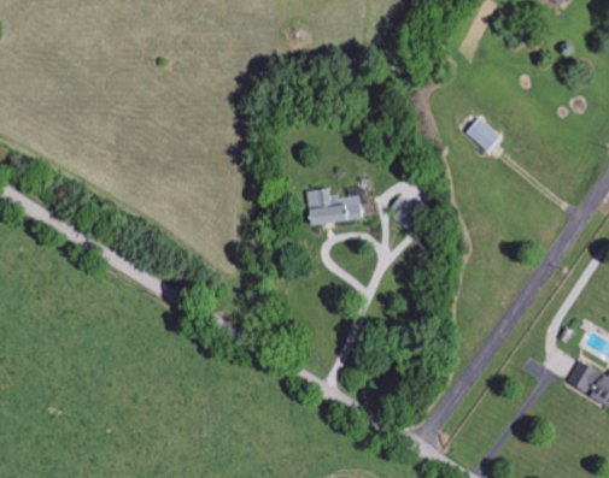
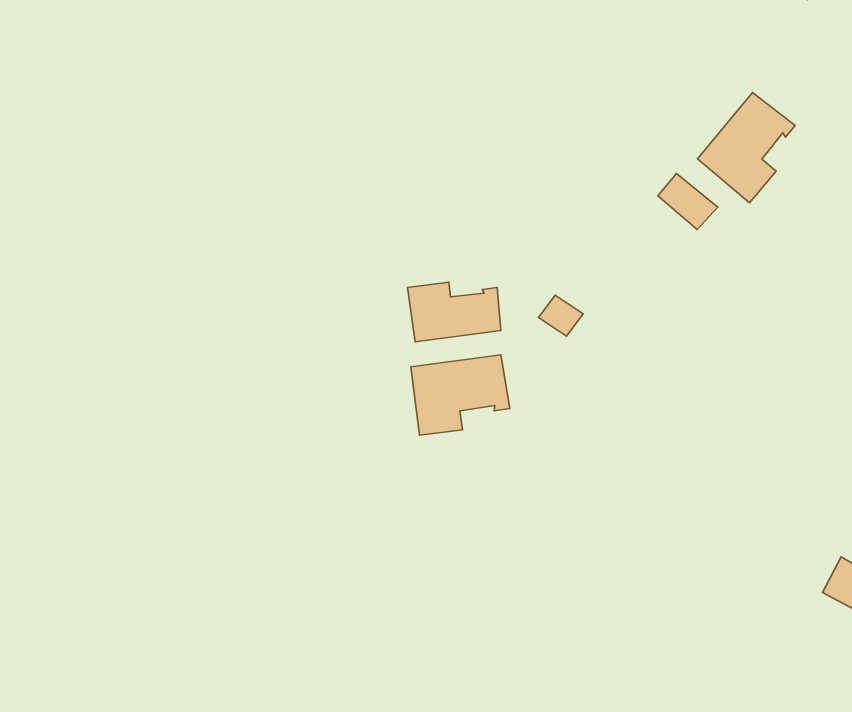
building: none -> [697,92,795,203]
building: none -> [411,355,510,435]

